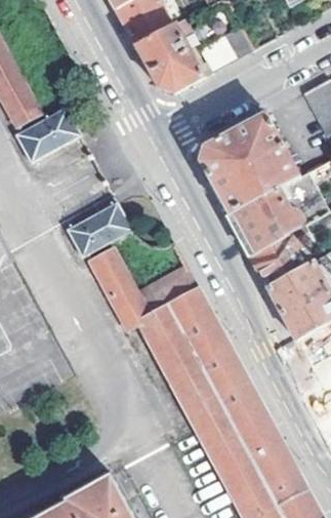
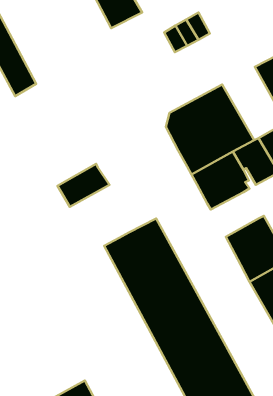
building: [134,21,200,95] -> none
building: [23,114,80,162] -> none
building: [250,238,305,290] -> none
building: [94,248,143,305] -> none

